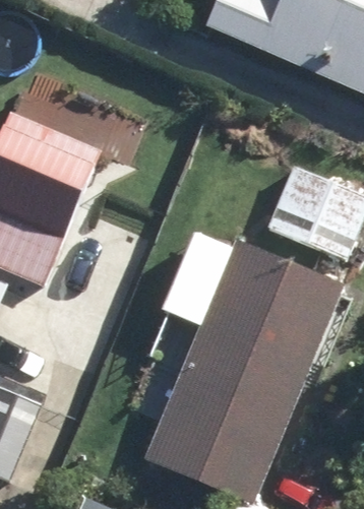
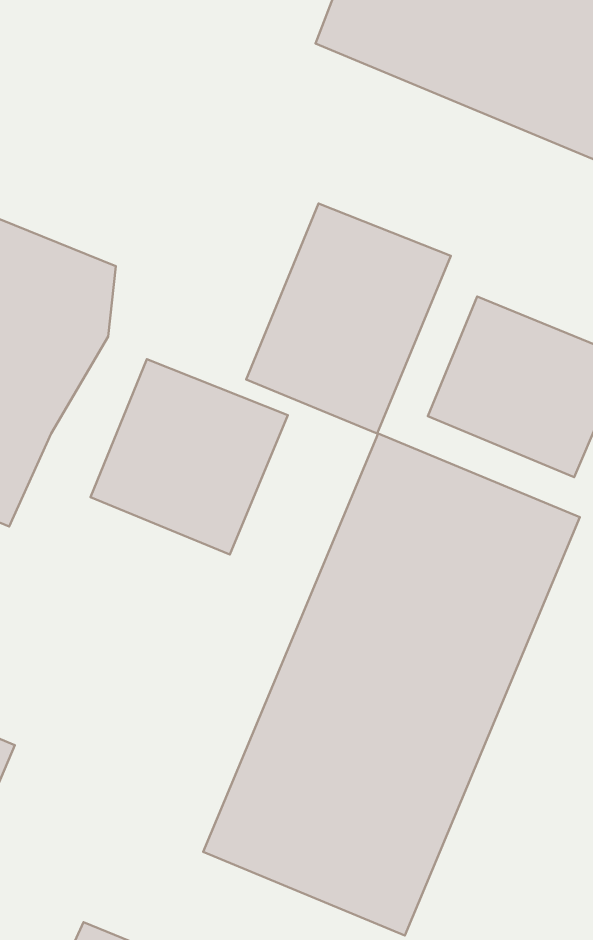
building: none -> [246,203,451,434]
building: none -> [91,359,288,554]

